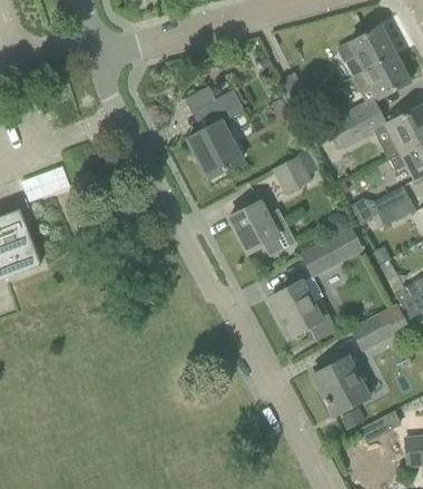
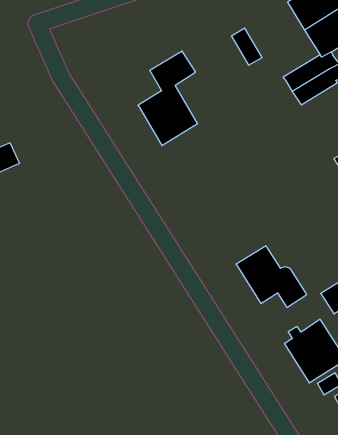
building: [272,150,321,195] -> none
building: [228,202,295,256] -> none
building: [298,227,361,276] -> none

